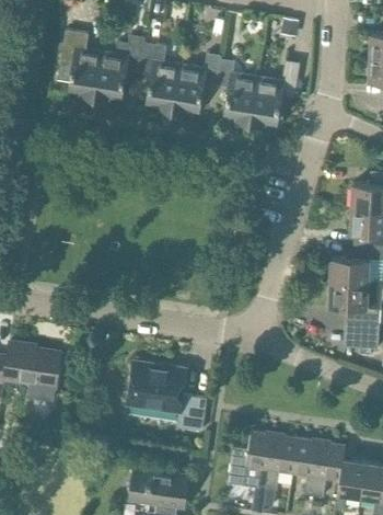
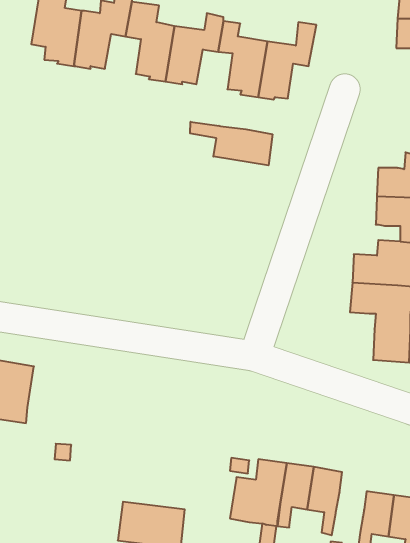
building: none -> [190,122,272,165]
building: [127,362,207,433] -> none
building: [313,444,346,499] -> none

